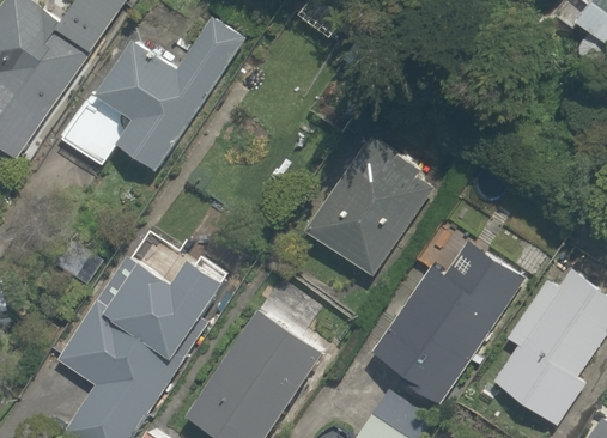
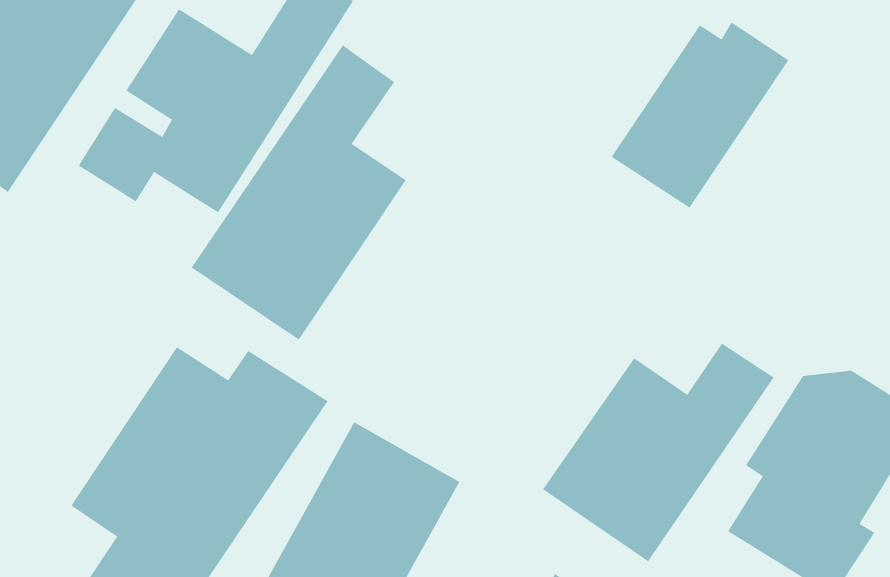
building: none -> [611,22,789,208]
building: none -> [191,44,407,341]
building: [298,134,433,276] -> none

